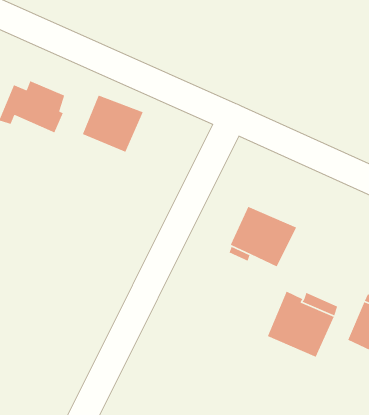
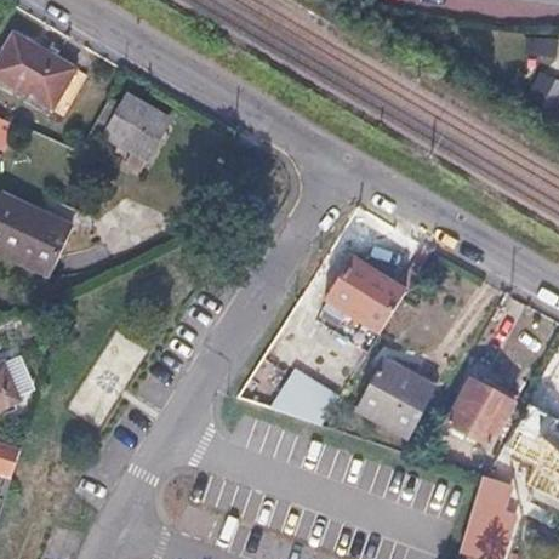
building: [82,95,144,153] -> none
building: none -> [273,366,340,423]

